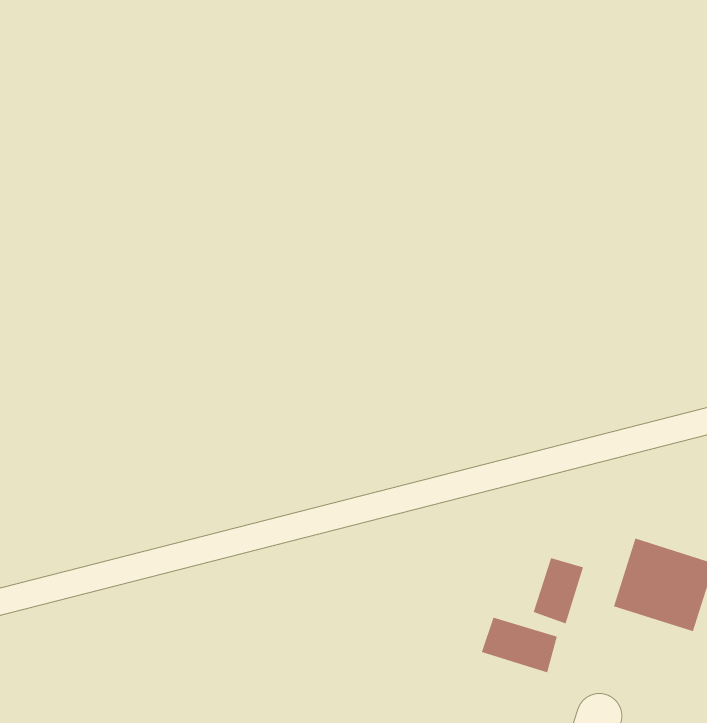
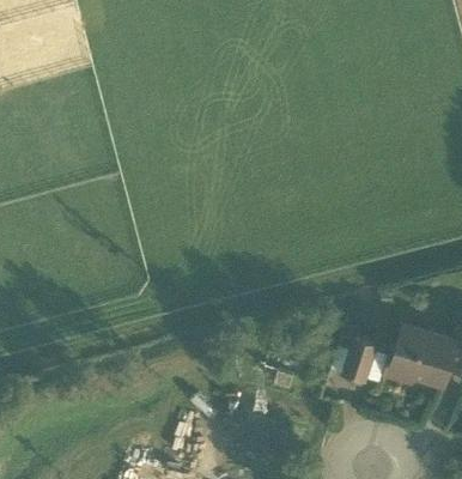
building: [481,617,557,673] -> none

